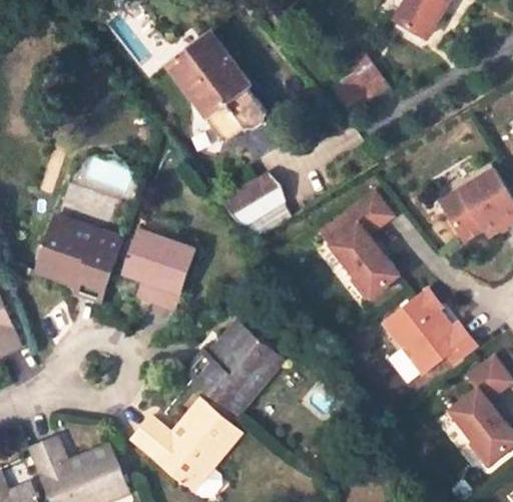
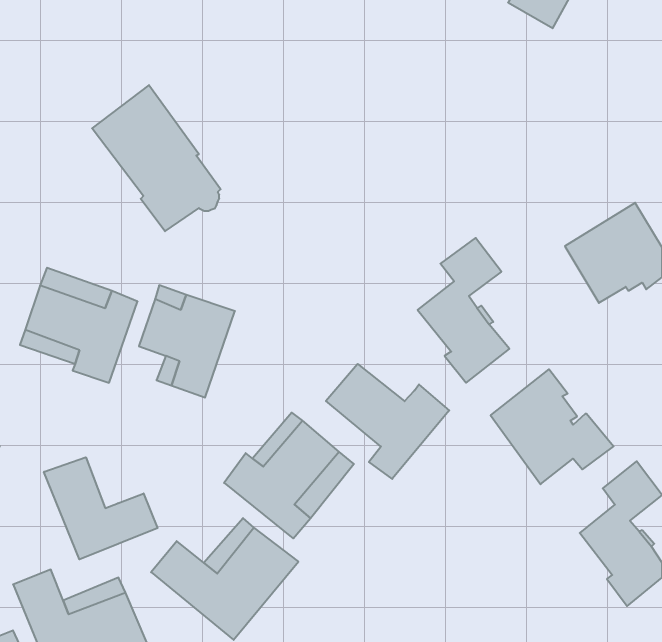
building: [170,33,266,141] -> [92,85,221,231]
building: [335,60,387,108] -> none
building: [223,176,293,241] -> none
building: none -> [326,364,449,479]
building: none -> [44,457,158,559]

